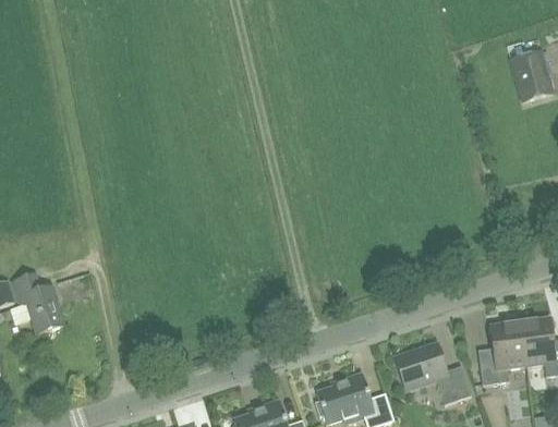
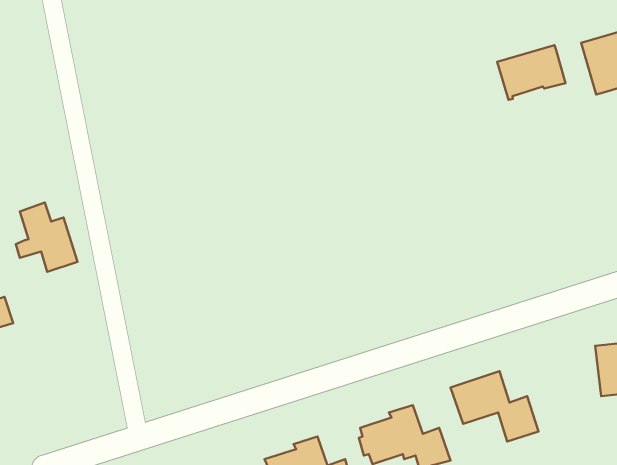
building: none -> [497,45,566,100]
building: [10,272,63,332] -> [16,203,77,272]
building: [478,321,525,385] -> none

